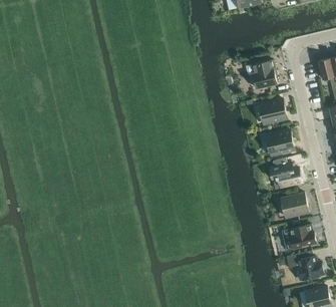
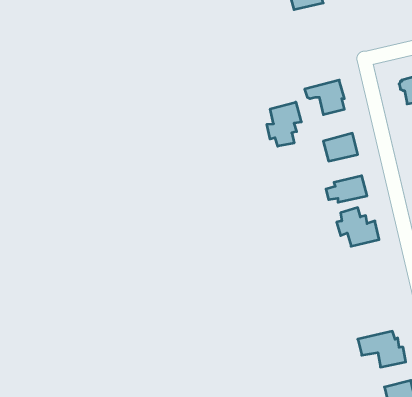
building: none -> [267,102,301,146]
building: [281,194,309,219] -> none
building: [281,225,317,251] -> none

